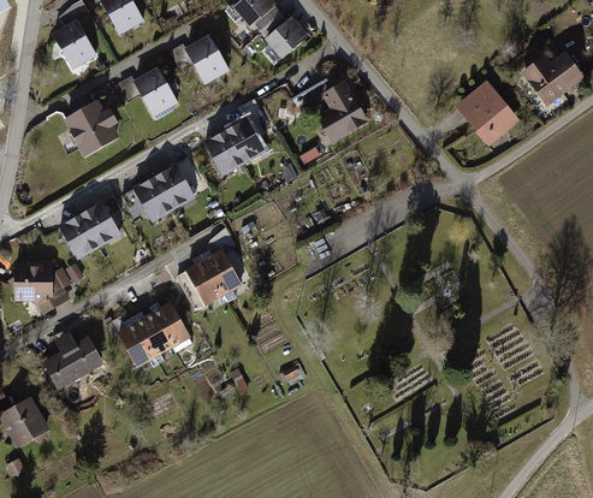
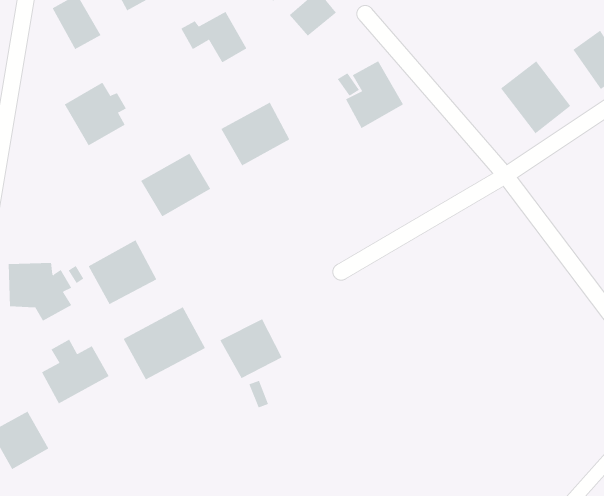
building: [115,67,178,119] -> none
building: [58,200,120,259] -> [88,239,157,305]
building: [185,249,242,303] -> [220,319,283,379]

